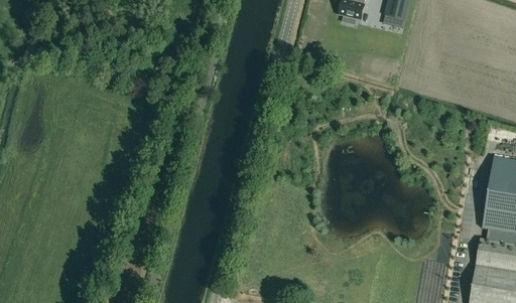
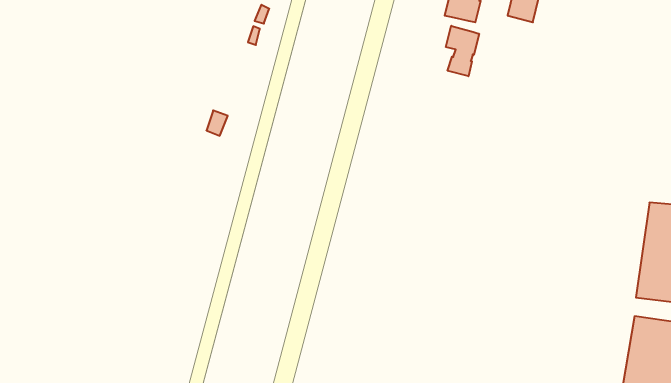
building: none -> [446,26,479,76]

